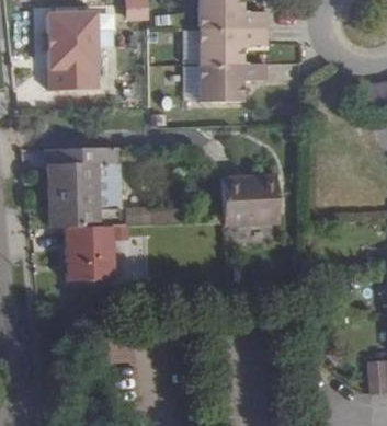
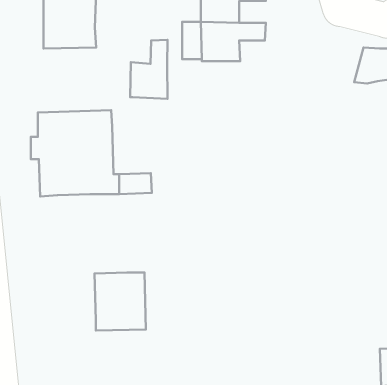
building: none -> [130,40,168,99]
building: [224,174,280,222] -> none
building: [67,226,115,280] -> [95,272,146,331]

